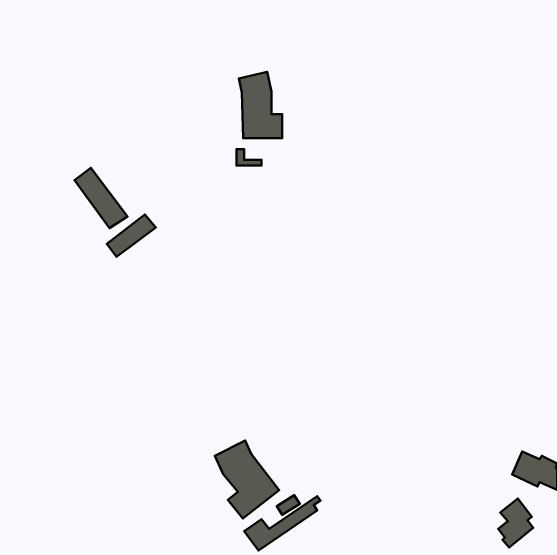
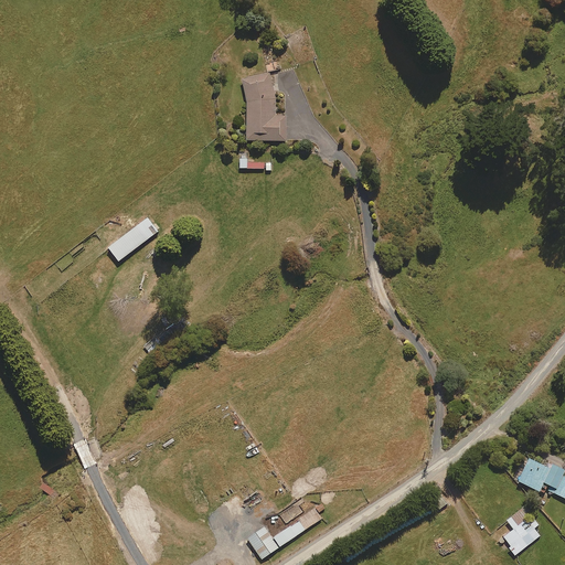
building: [74,168,127,228] -> none
building: [215,441,279,518] -> none

